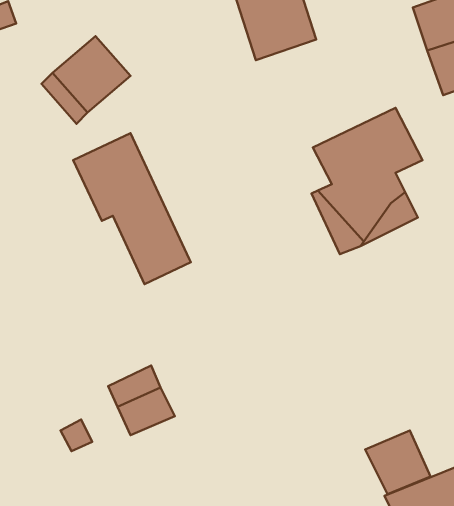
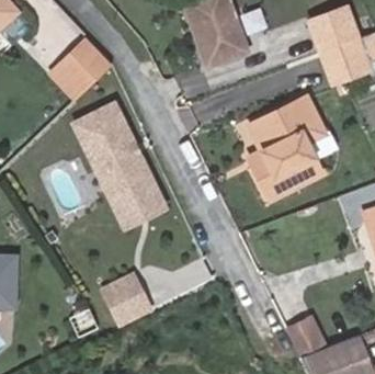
building: none -> [99,168,168,234]

